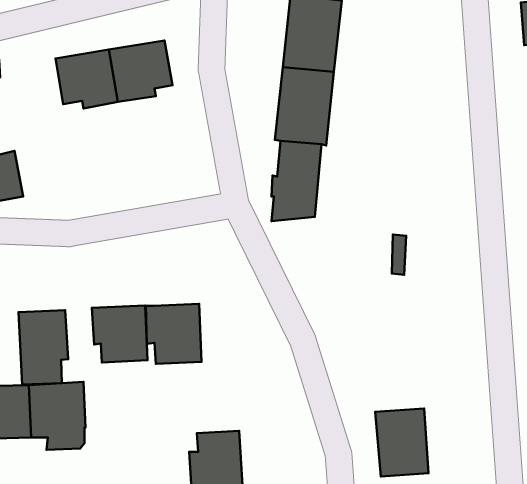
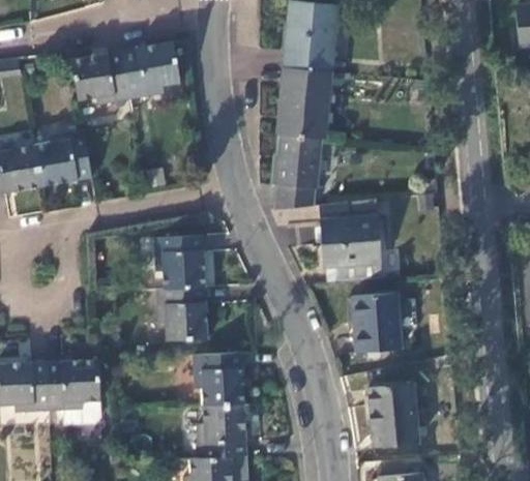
building: none -> [34,129,92,187]
building: none -> [321,216,383,281]
building: [92,306,148,362] -> [154,236,206,289]
building: [19,310,68,384] -> none
building: none -> [353,293,401,353]
building: none -> [194,354,243,407]

